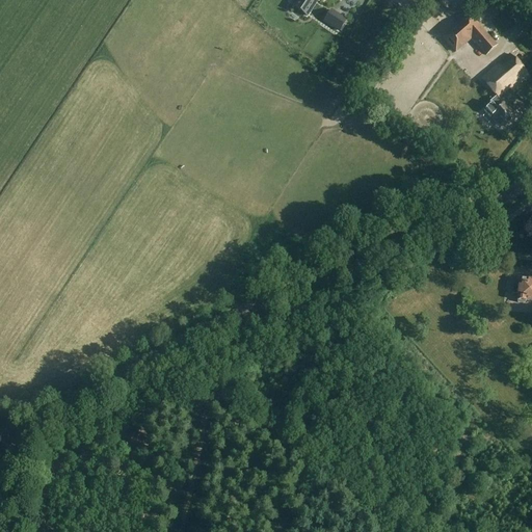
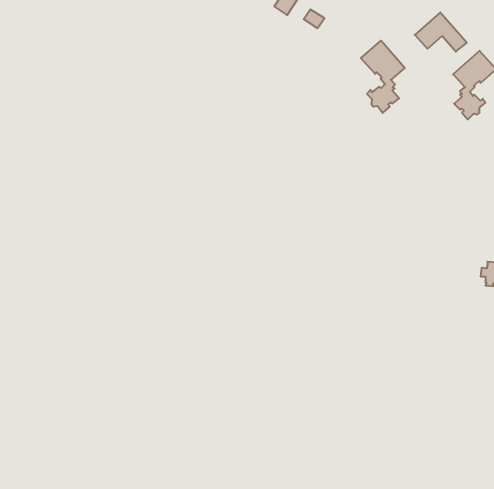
building: none -> [361,41,405,113]

